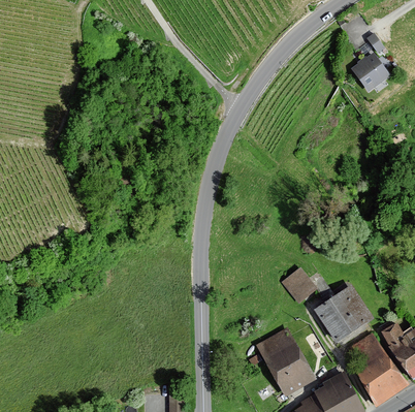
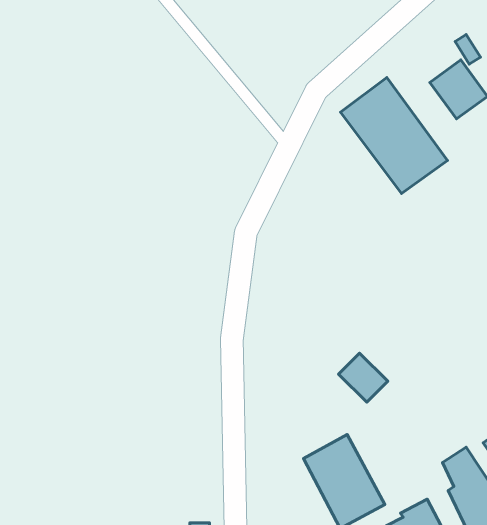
building: none -> [340,78,447,193]
building: [311,285,371,343] -> none

